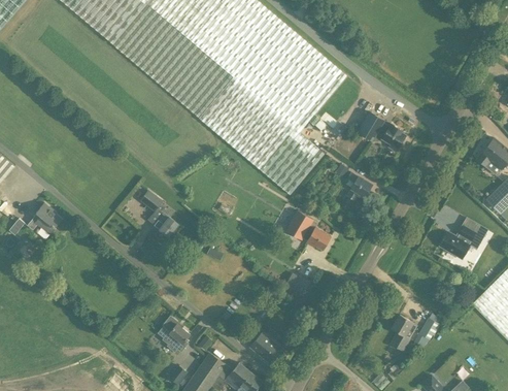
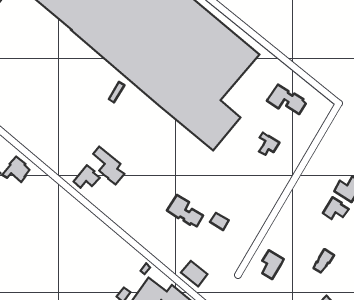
building: [285,210,331,250] -> [167,195,203,226]
building: none -> [74,165,100,188]
building: none -> [323,197,349,219]
building: [391,315,417,351] -> [262,250,284,279]
building: [158,316,190,351] -> none

